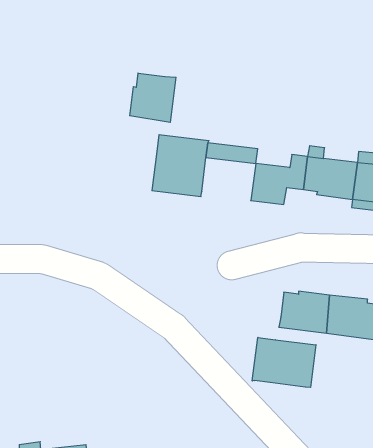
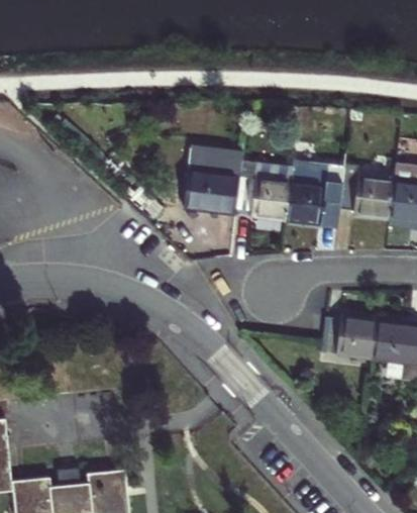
building: [130,73,176,122] -> none
building: none -> [242,178,297,221]
building: [252,337,316,387] -> none

